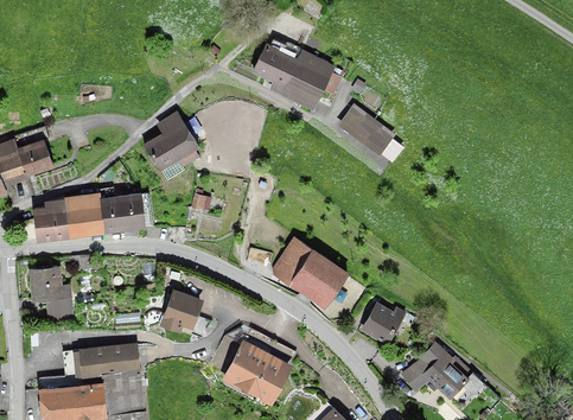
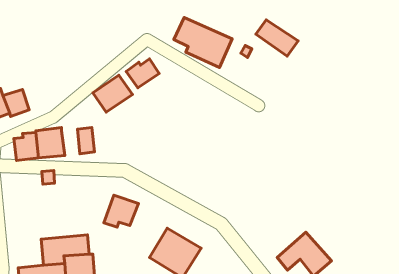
building: none -> [126,59,159,88]
building: [338,104,397,155] -> [256,20,298,56]
building: [97,196,123,233] -> none
building: [273,235,354,307] -> none
building: [32,267,69,319] -> none
building: [356,298,408,344] -> none

